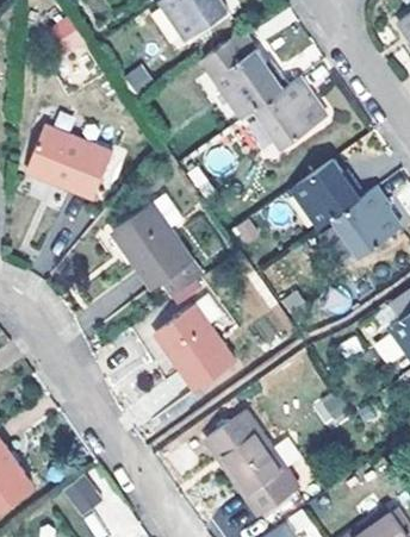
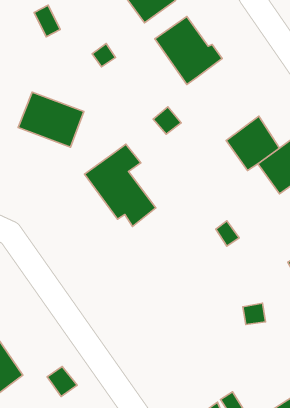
building: [255,77,322,149] -> none
building: [155,307,234,392] -> none
building: [205,412,298,516] -> none

